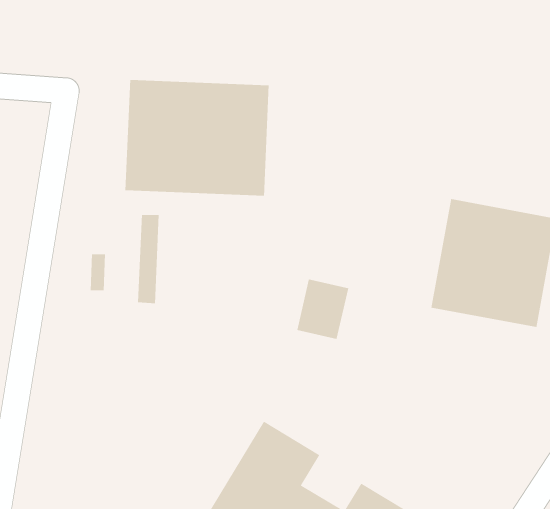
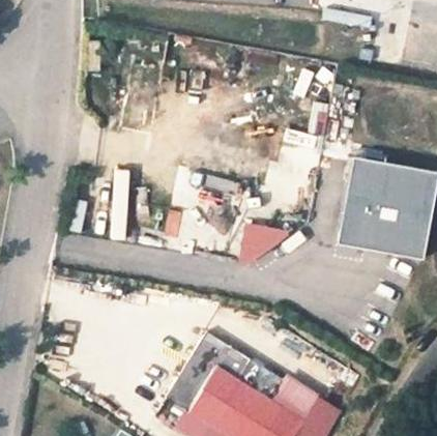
building: [125,79,269,197] -> none

